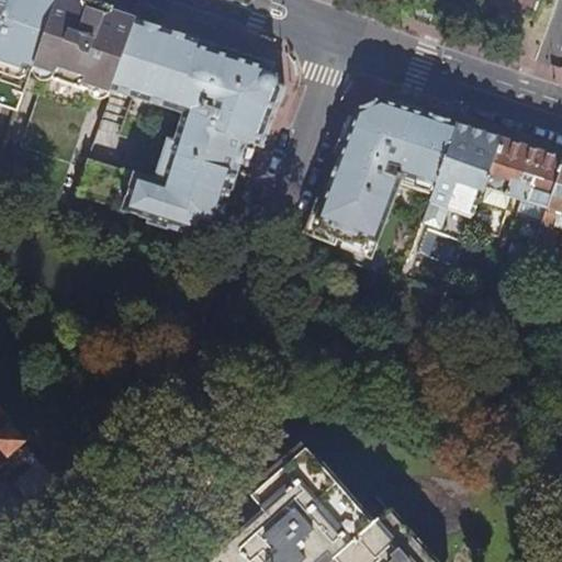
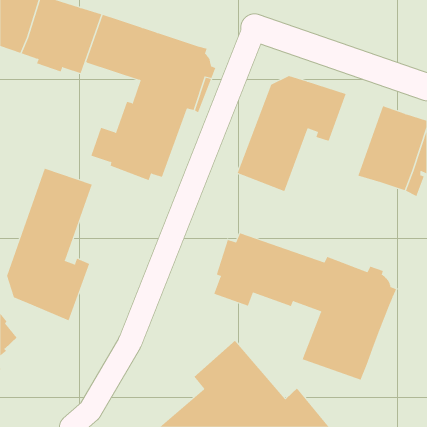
building: [416,123,502,245] -> none
building: none -> [6,168,93,321]
building: none -> [213,232,397,381]

